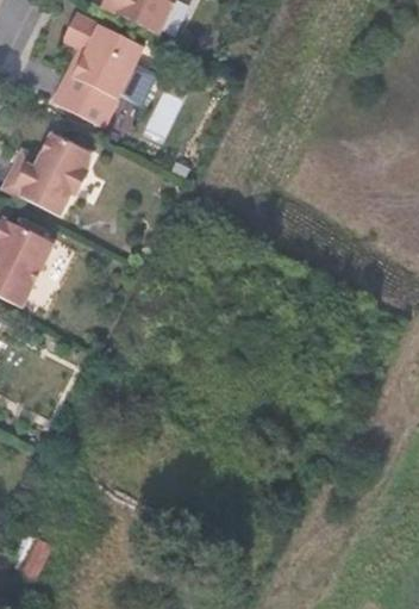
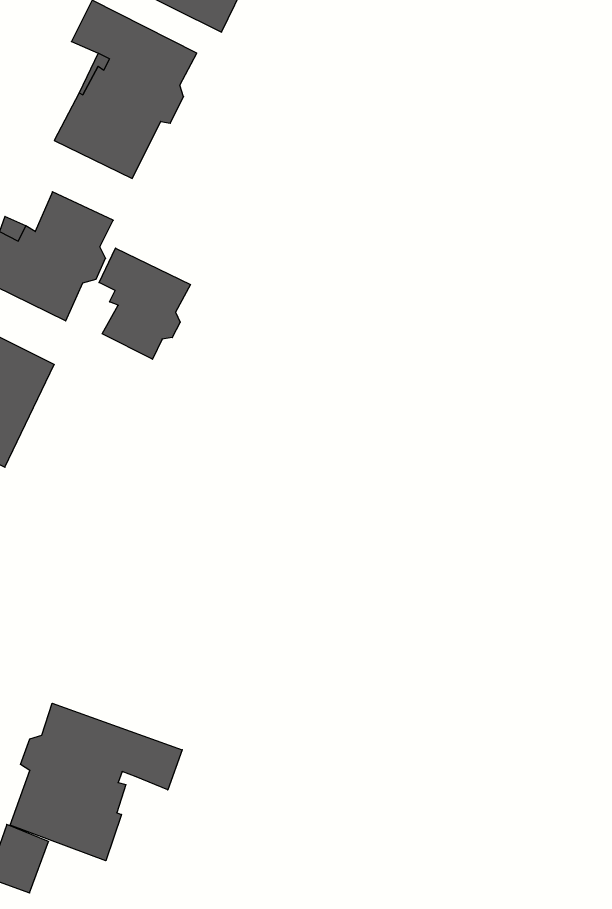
building: none -> [99,248,190,359]
building: none -> [10,703,182,861]

